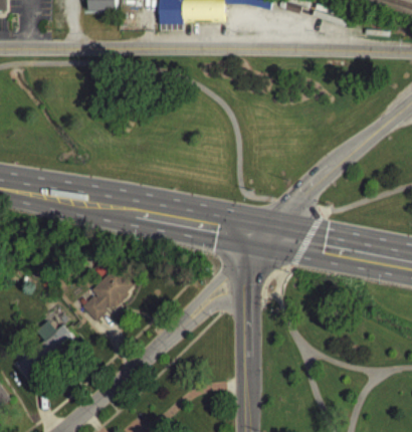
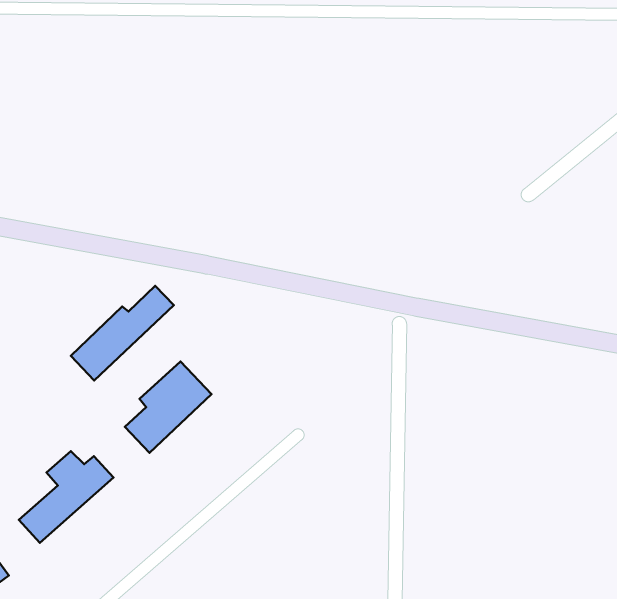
building: none -> [71,286,174,381]

